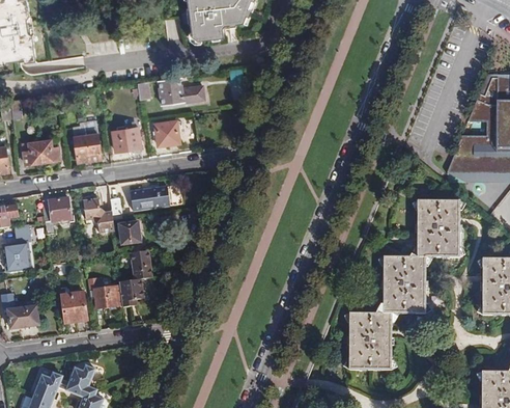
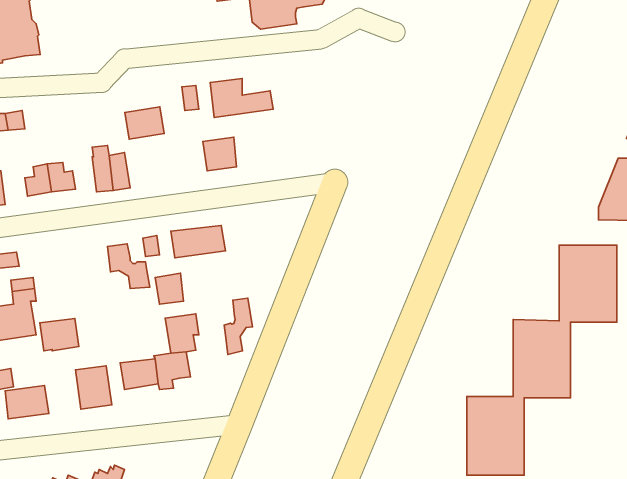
building: [111,128,140,152] -> [125,107,164,139]
building: [42,198,72,222] -> [40,319,79,351]
building: none -> [224,298,253,355]

